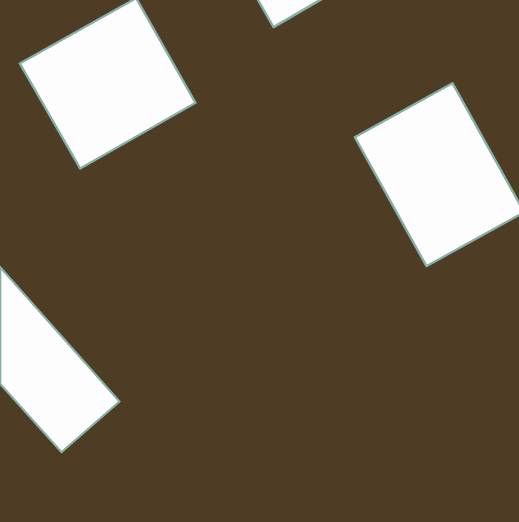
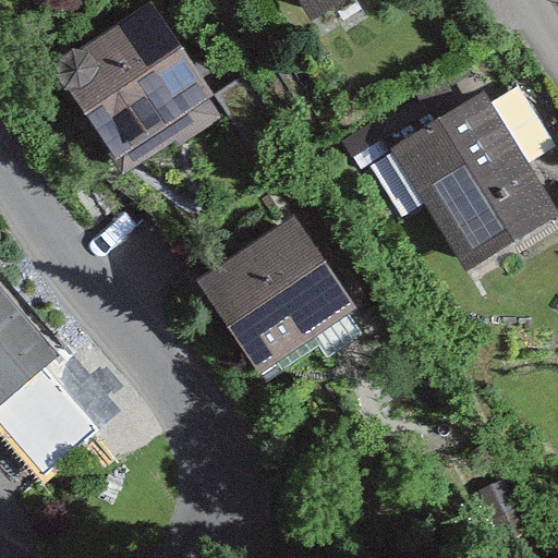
building: none -> [181,216,360,387]

